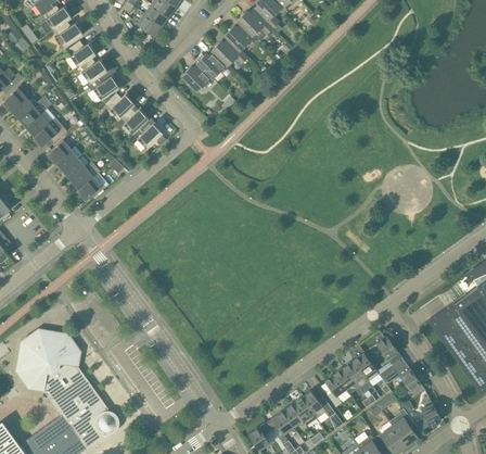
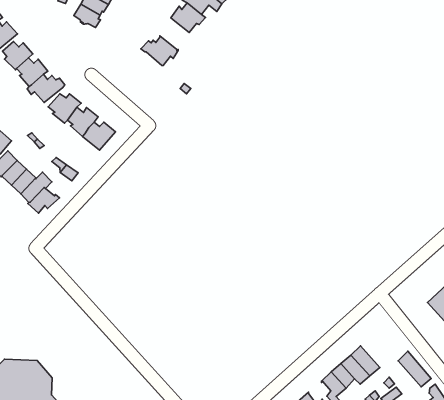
building: [212,39,247,66] -> none
building: [181,64,213,91] -> none
building: [376,337,406,380] -> none

